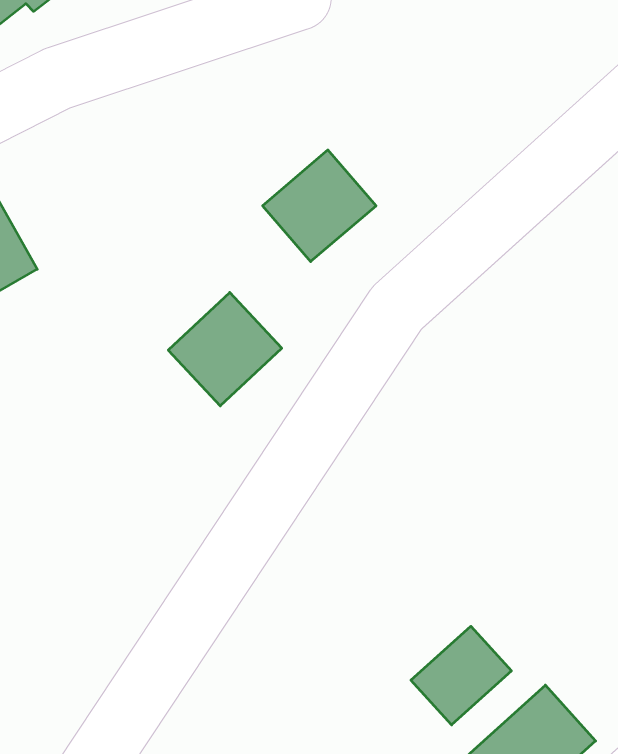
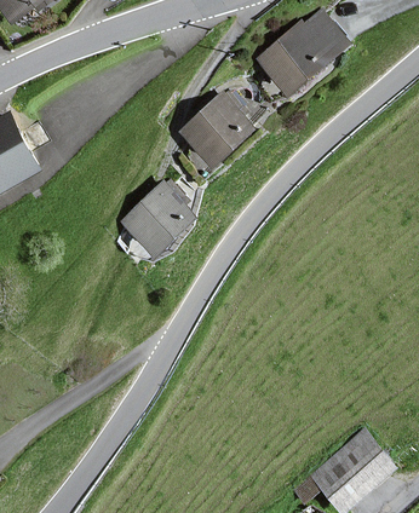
building: none -> [260,12,346,92]
building: [411,626,511,725] -> none

